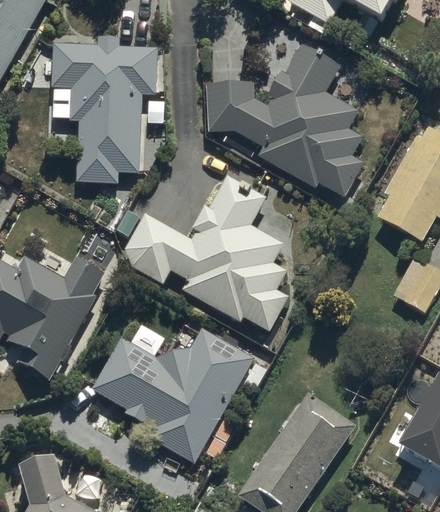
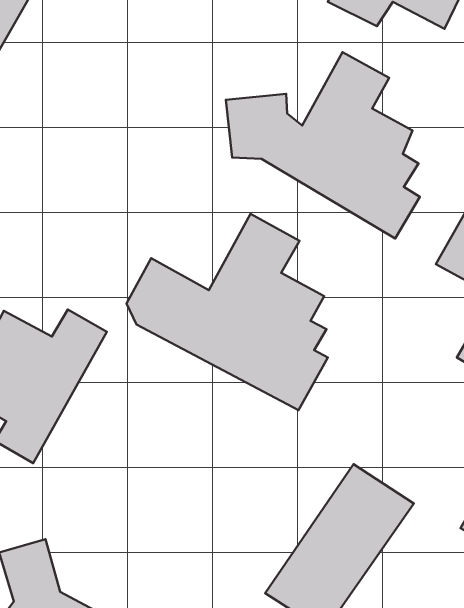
building: [50,42,159,184] -> none
building: [91,329,255,464] -> none

